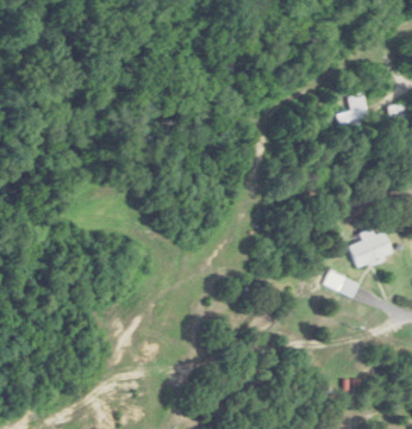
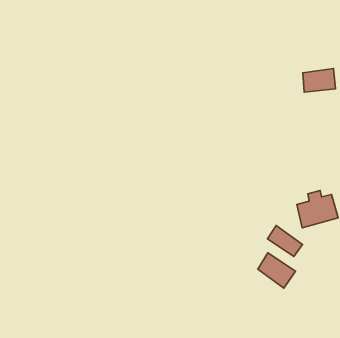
building: none -> [258,253,295,288]

